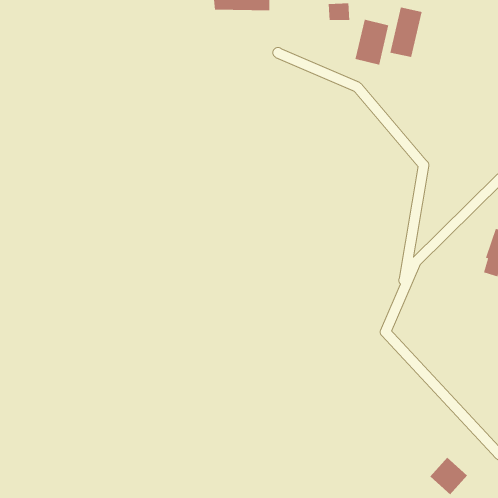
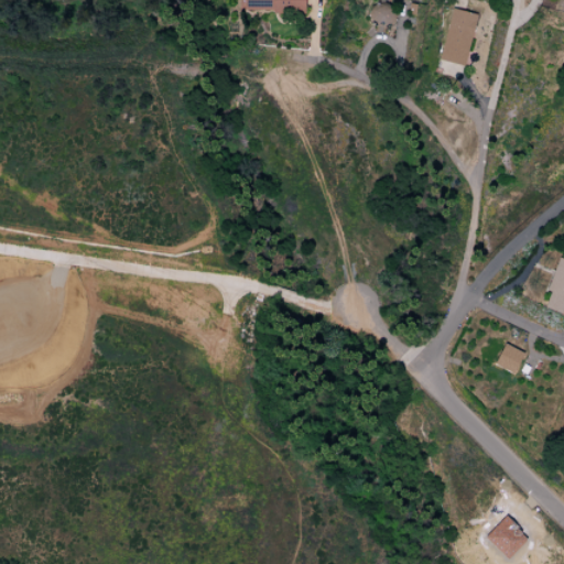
building: [355,19,389,65] -> none
building: none -> [496,344,525,373]

